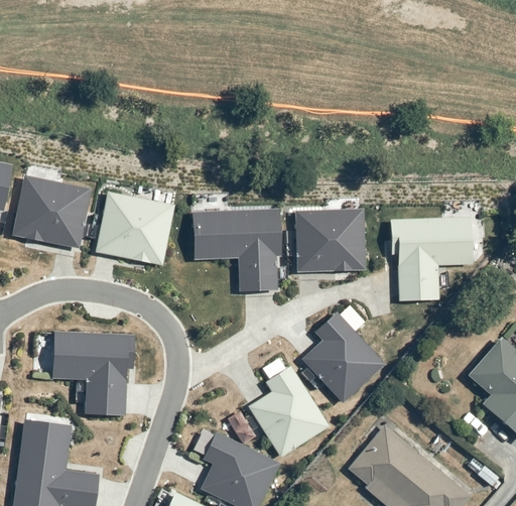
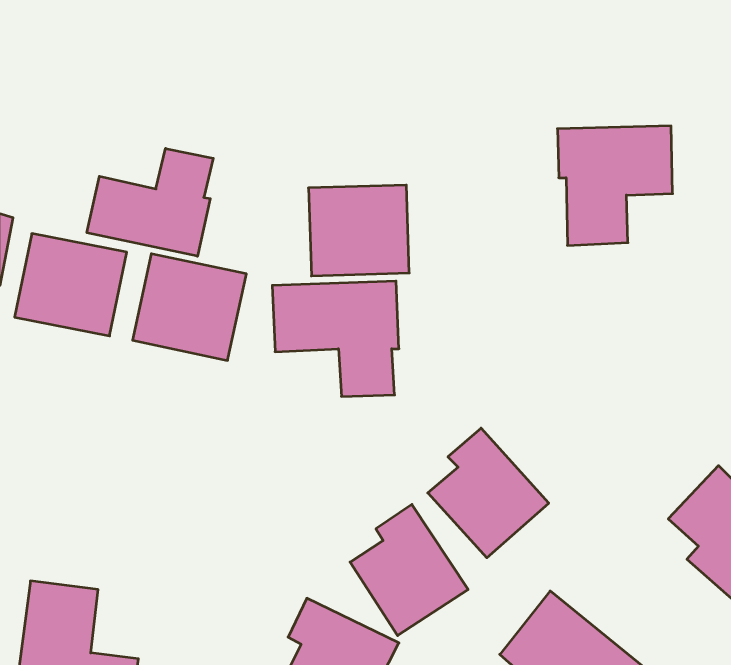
building: none -> [87,148,213,256]
building: [295,208,366,271] -> [308,185,409,276]
building: [391,218,472,301] -> [557,126,673,245]
building: [52,332,135,415] -> none

